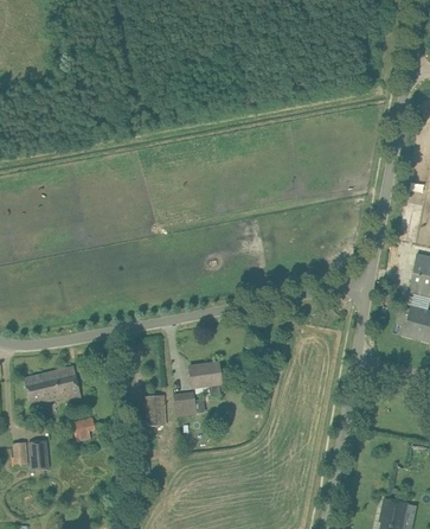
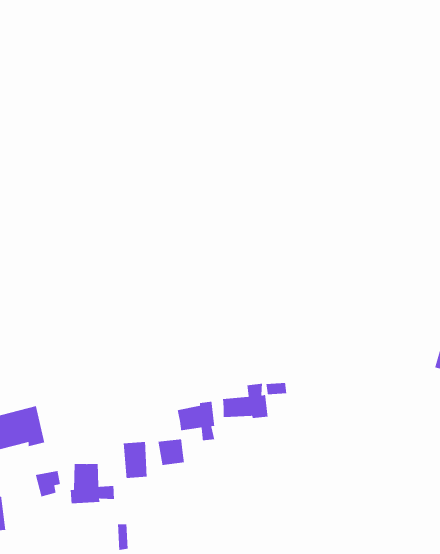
building: none -> [222,383,268,421]
building: none -> [70,463,115,504]

